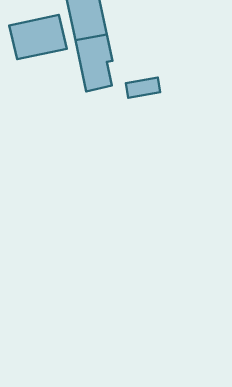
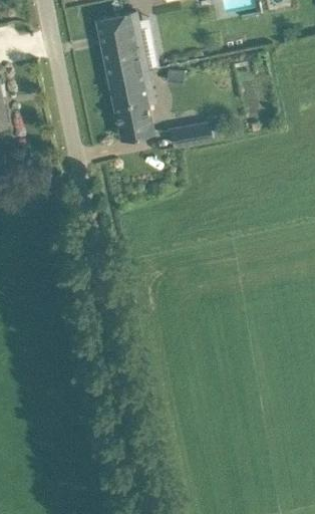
building: [9,15,67,59] -> none

